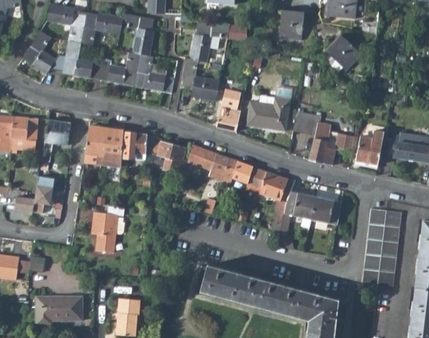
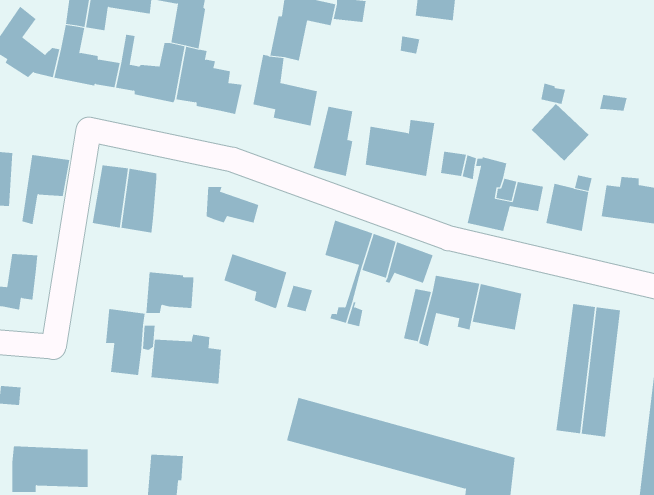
building: [326,35,361,70] -> [531,103,589,162]
building: [125,133,154,158] -> [145,272,194,314]
building: [192,147,230,180] -> [224,254,287,309]
building: none -> [151,334,222,384]

